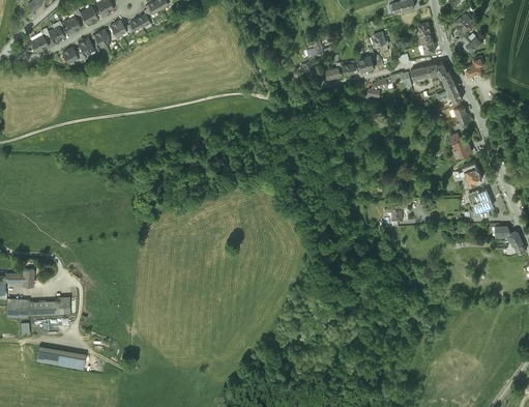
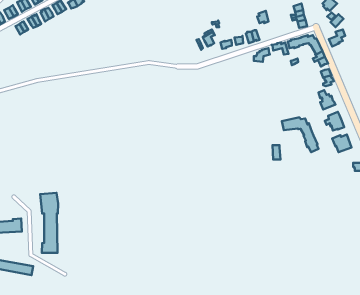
building: none -> [282,117,319,152]
building: none -> [40,193,58,253]

